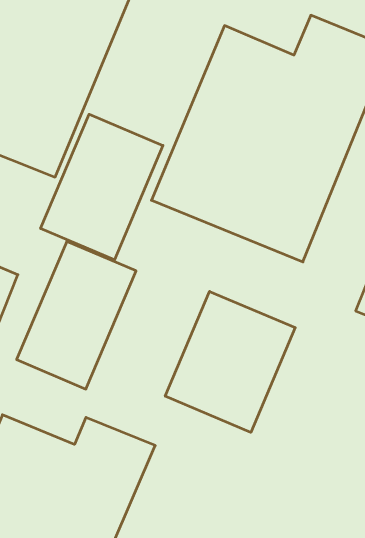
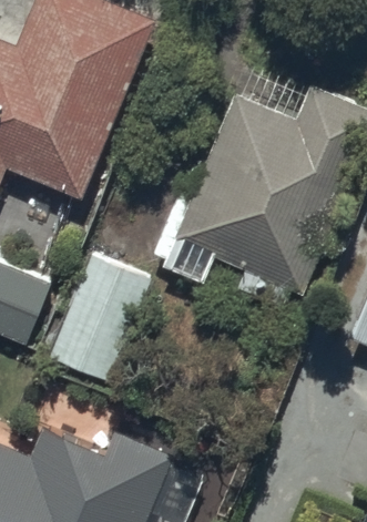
building: [41,114,163,260] -> none
building: [165,291,295,432] -> none

